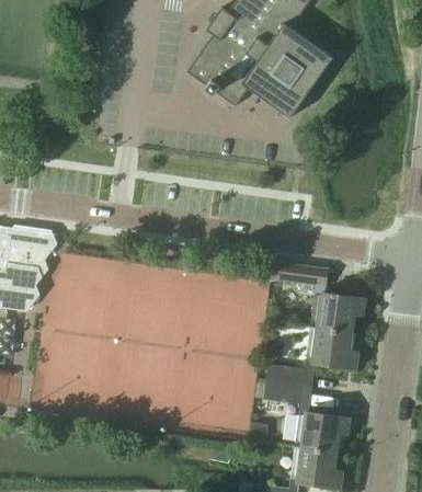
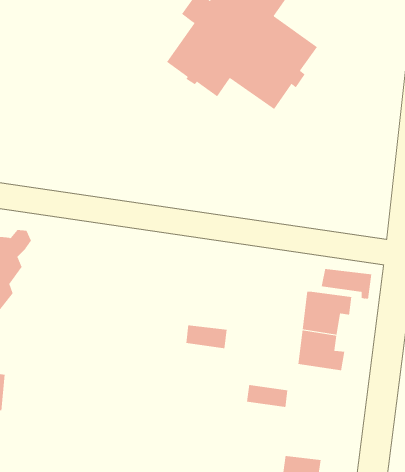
building: [278,263,328,293] -> [321,268,372,299]
building: [265,365,306,388] -> [185,325,228,349]
building: [295,411,350,455] -> none

